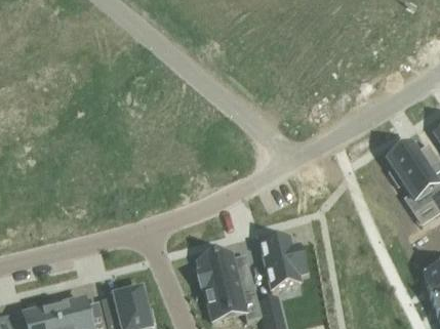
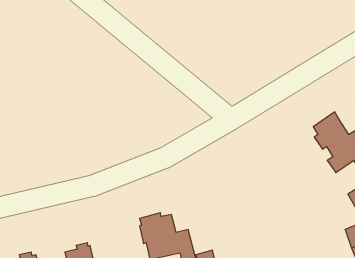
building: [259,231,307,287] -> none

